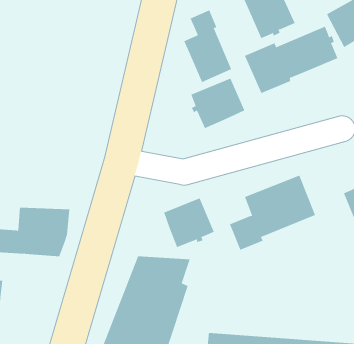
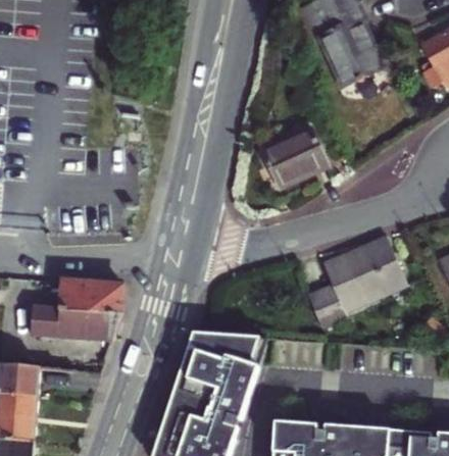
building: [183,10,232,83] -> none
building: [244,26,338,94] -> none
building: [164,198,214,248] -> none

